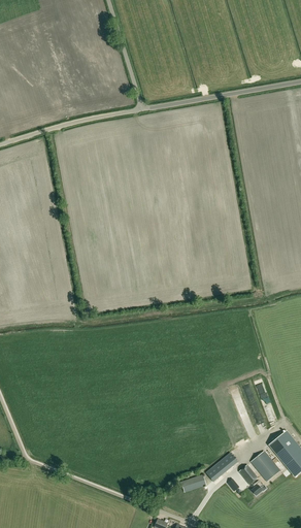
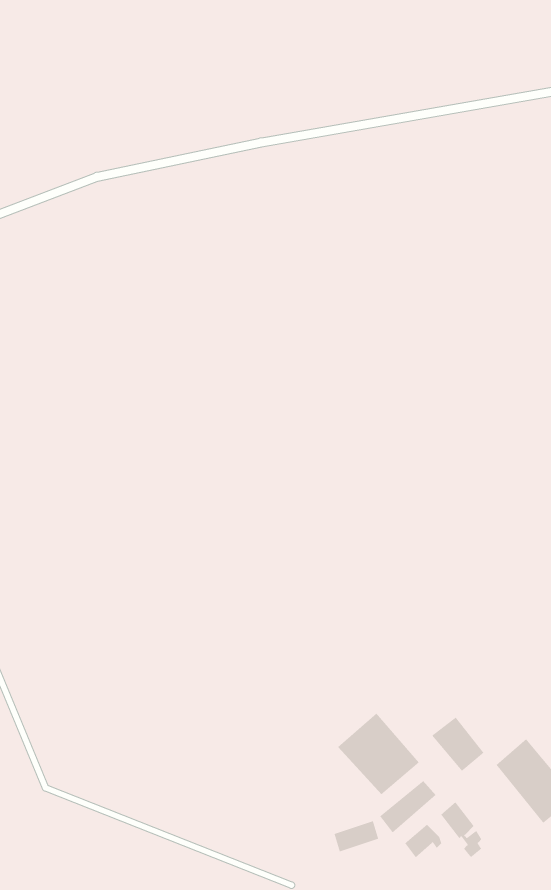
building: none -> [337,712,420,795]
building: [250,450,279,480] -> [431,716,485,772]

